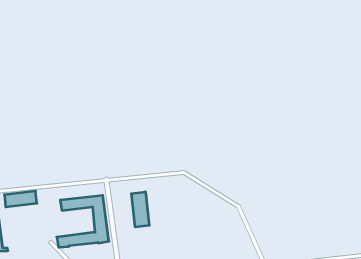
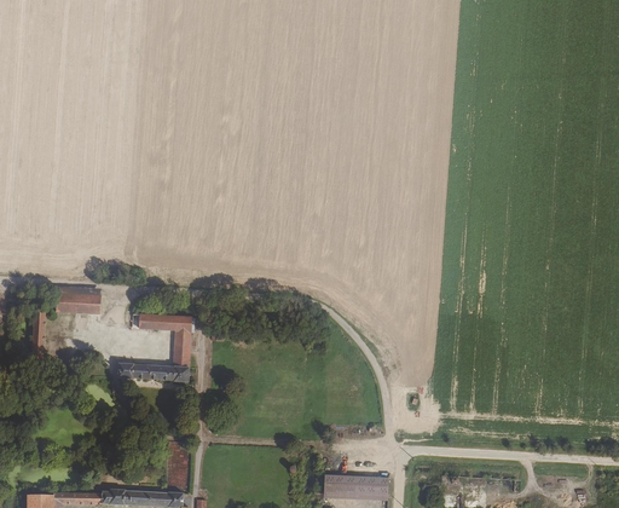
building: [131,192,149,227] -> none

